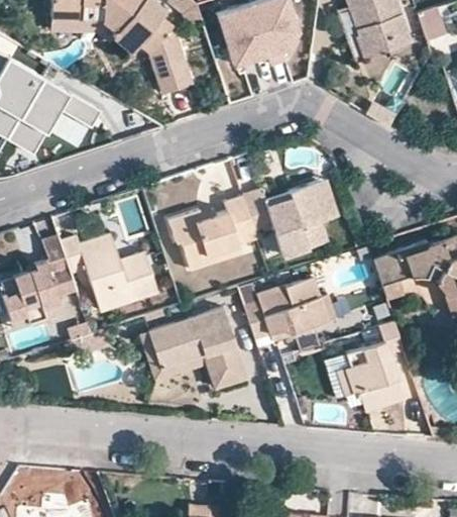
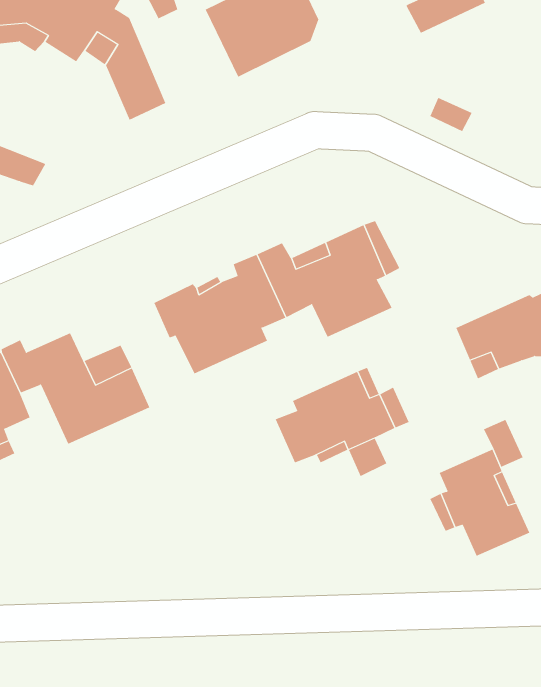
building: [144,306,241,386] -> none

